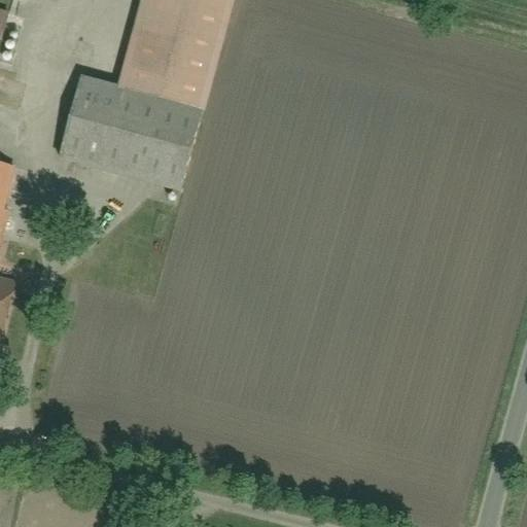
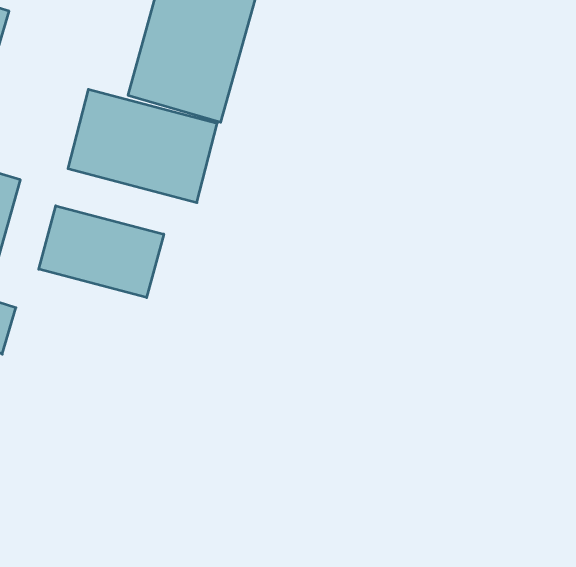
building: none -> [39,206,164,298]

